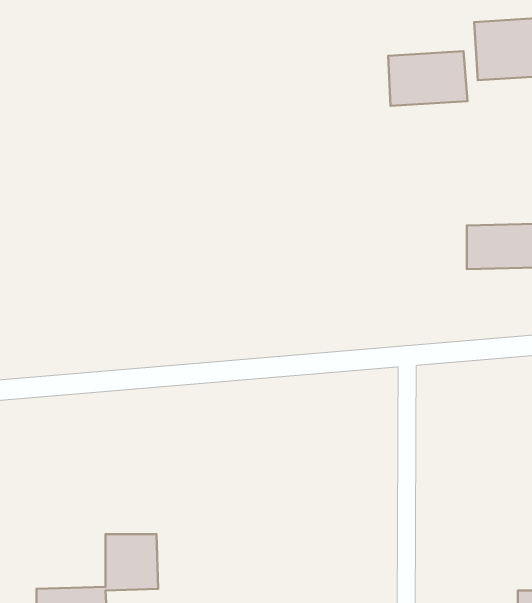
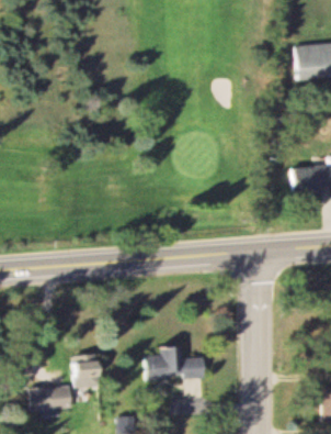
building: [388,51,467,106] -> none
building: none -> [141,348,206,379]

